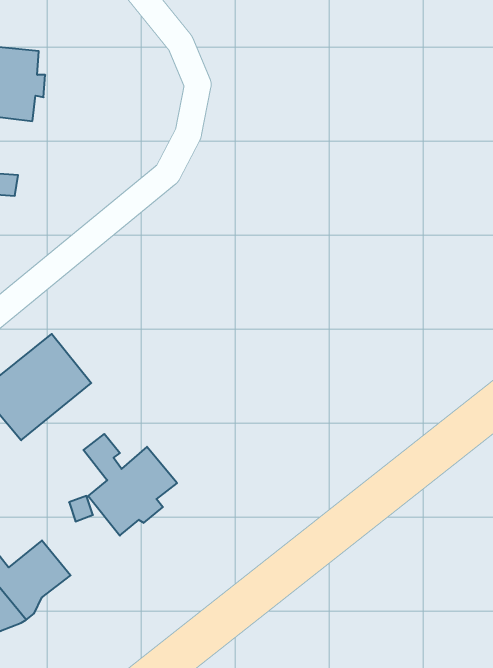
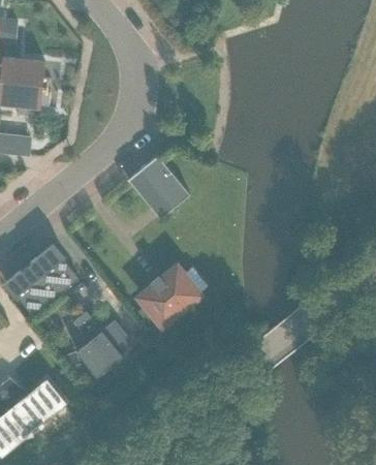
building: none -> [127,155,189,219]
building: none -> [136,268,197,324]

